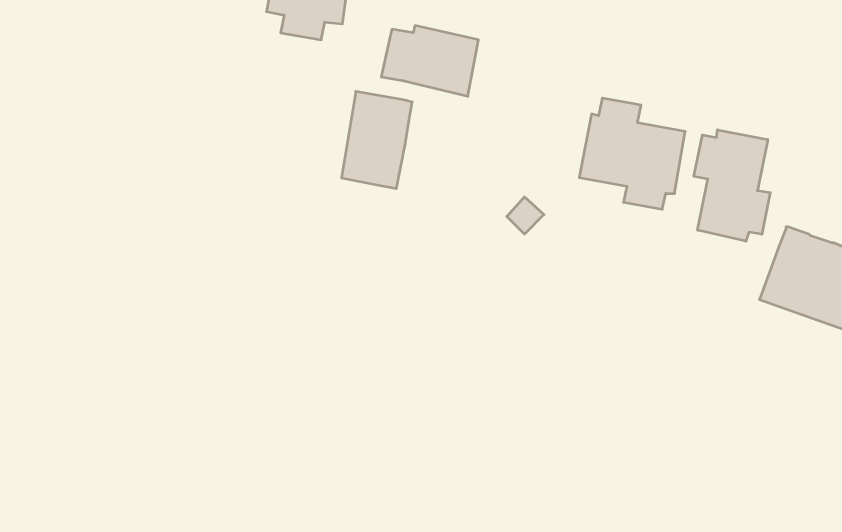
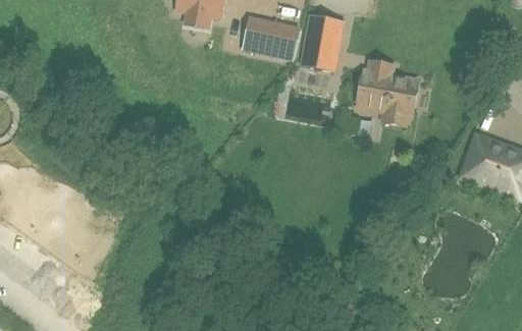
building: [342,91,412,189] -> [302,14,343,70]
building: [694,130,770,241] -> none

